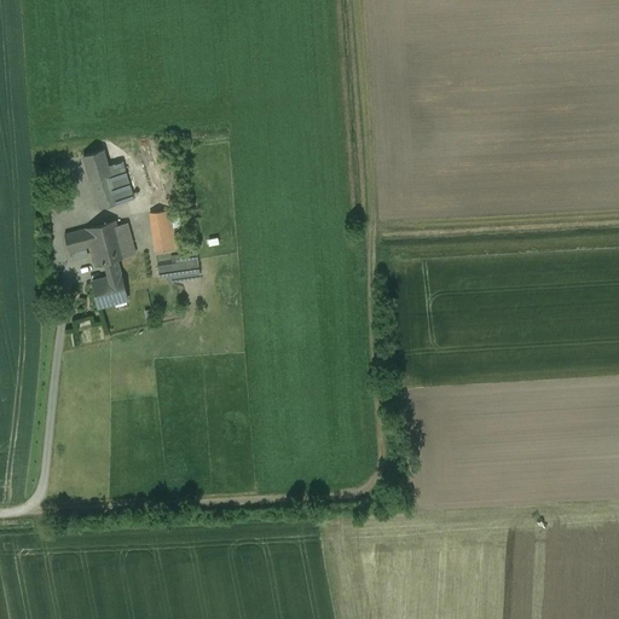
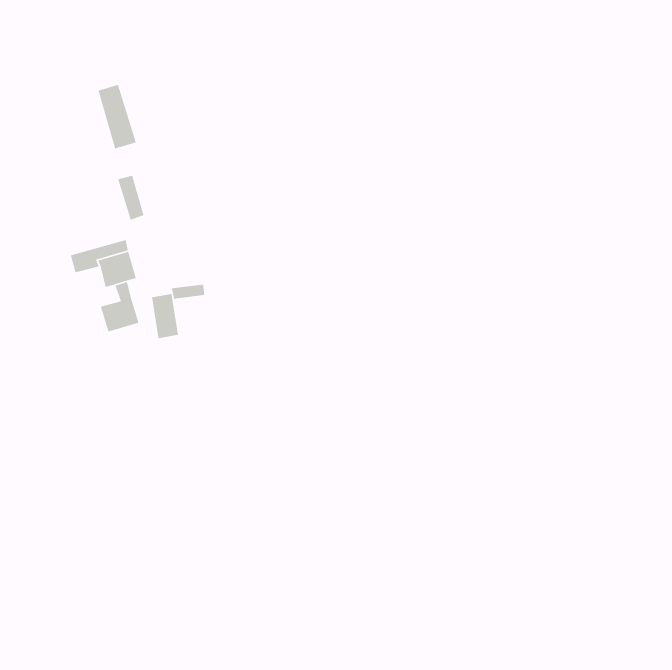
building: [83,150,120,210] -> [97,84,137,149]
building: [150,210,175,253] -> [151,293,179,339]

